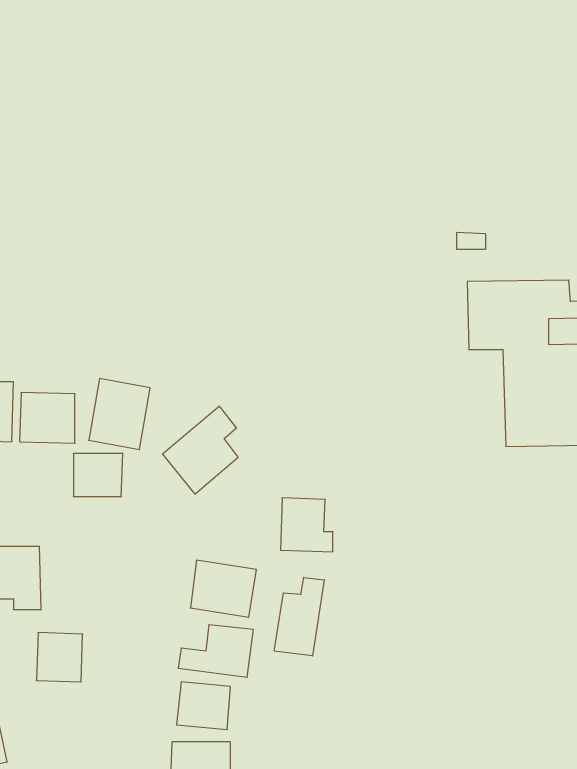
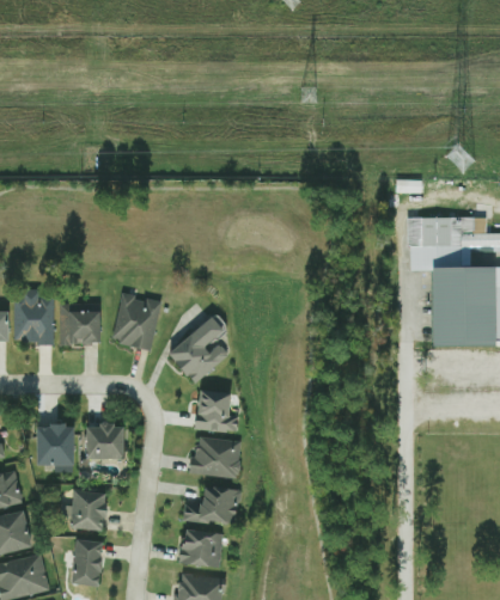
building: [73,453,123,497] -> [86,424,124,458]
building: [281,498,333,552] -> [196,390,237,431]
building: [274,577,324,656] -> none
building: none -> [73,540,102,584]

